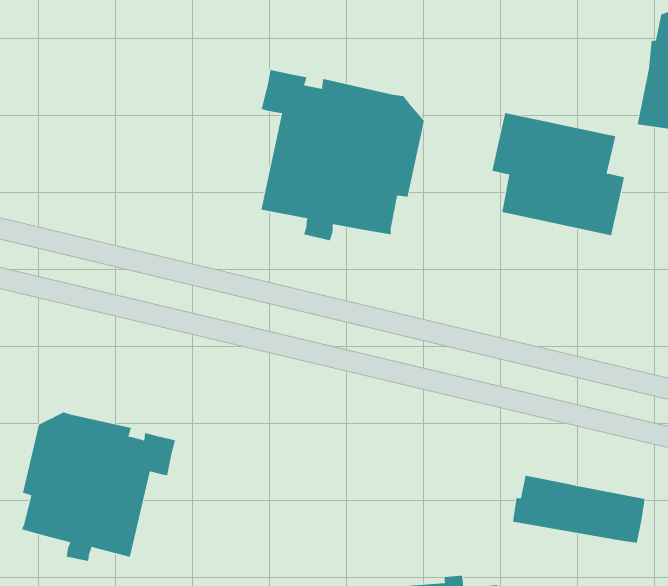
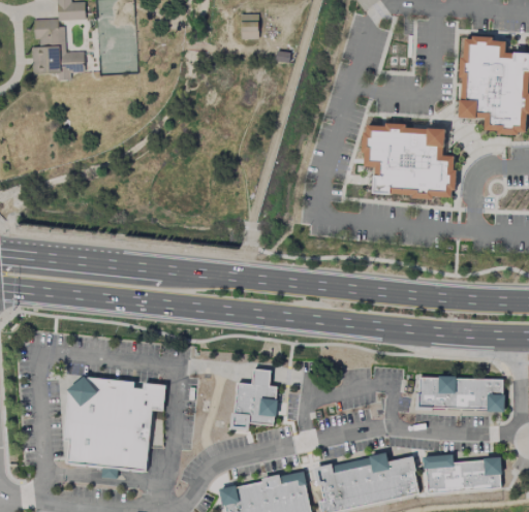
building: [261,69,424,241] -> none
building: none -> [232,370,279,431]

